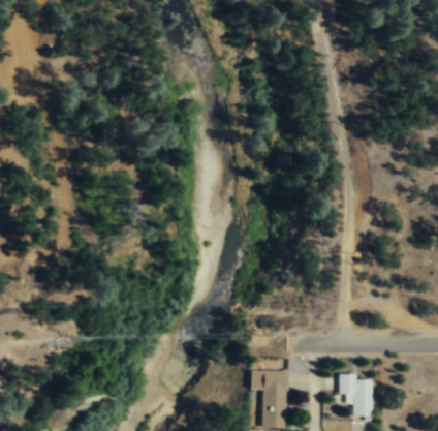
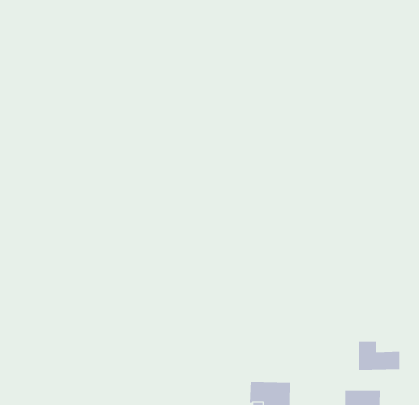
building: none -> [359,341,400,371]

